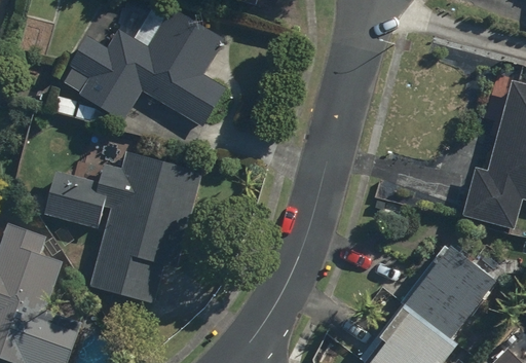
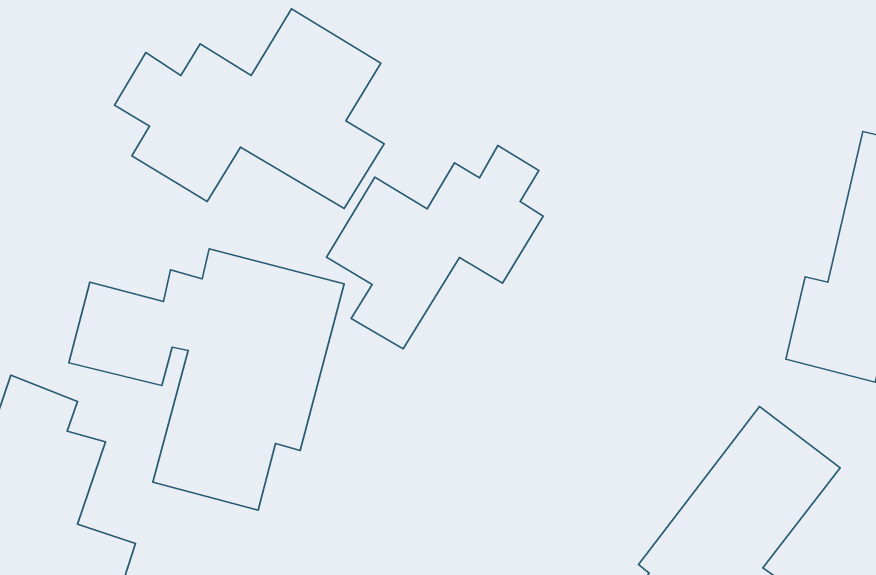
building: none -> [327,145,543,349]

